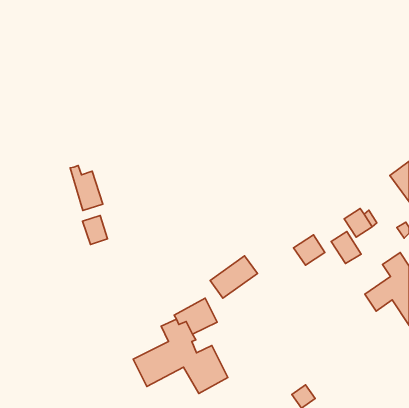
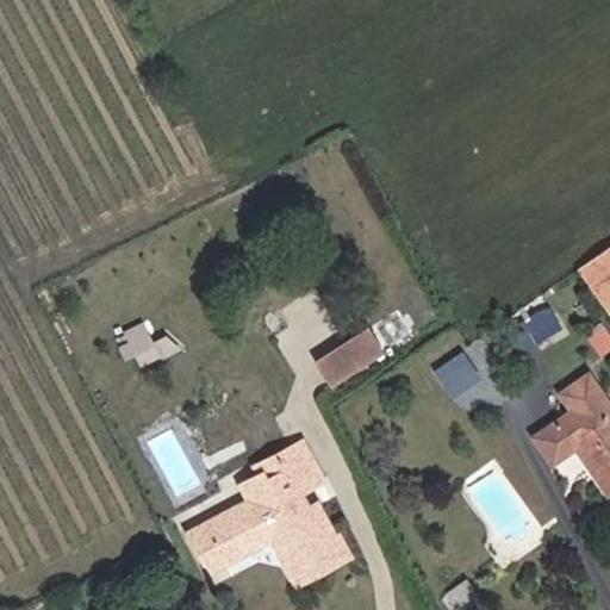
building: [70,165,103,210] -> none
building: [331,231,361,264] -> none
building: [210,256,257,298] -> [313,324,384,387]

